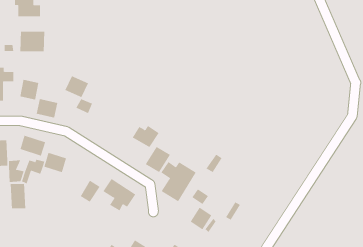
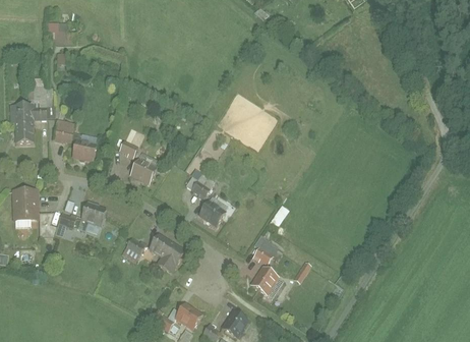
building: [20,31,45,52] -> none
building: [65,75,89,98] -> [129,157,158,183]
building: [20,135,46,157] -> none
building: [160,161,197,202] -> none
building: [10,183,26,209] -> none

